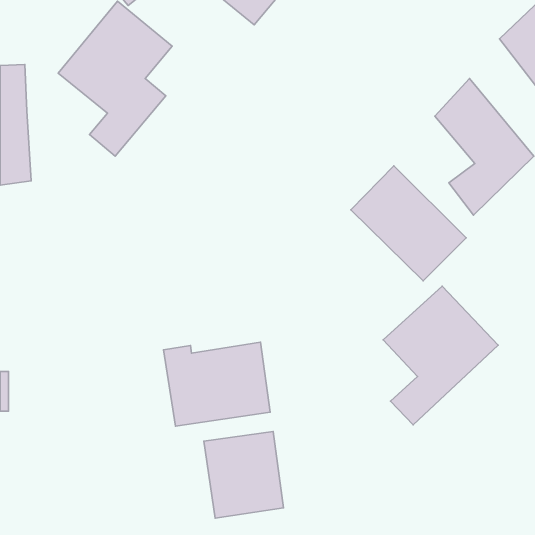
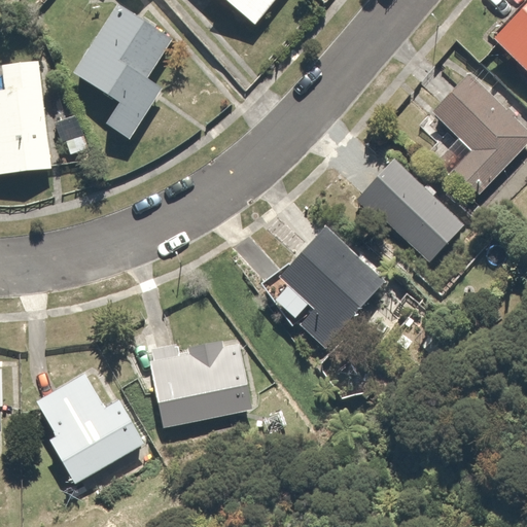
building: [383,286,498,425] -> [271,227,381,360]
building: none -> [48,358,162,472]
building: [204,432,284,518] -> none

